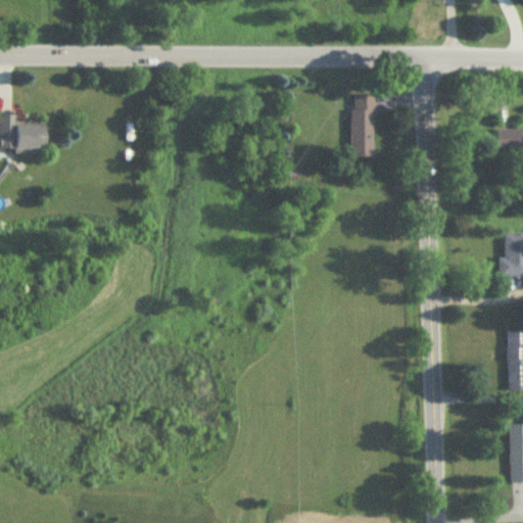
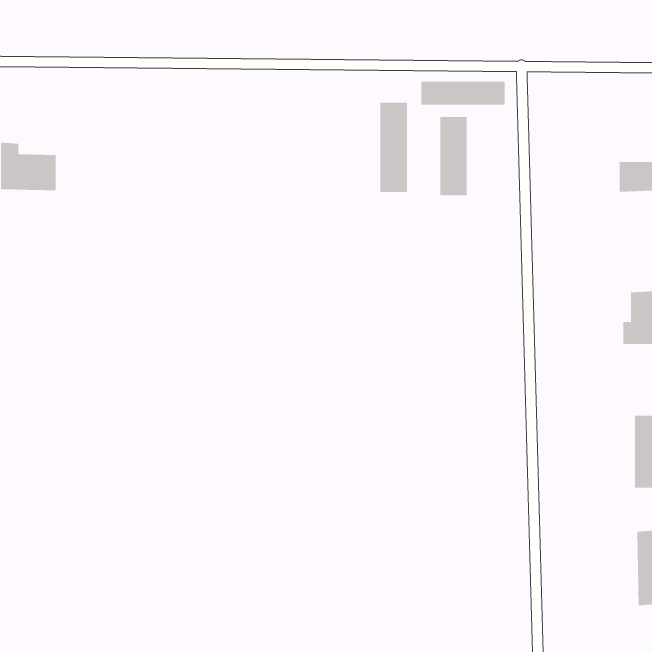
building: none -> [421,81,505,105]
building: none -> [380,102,407,193]

